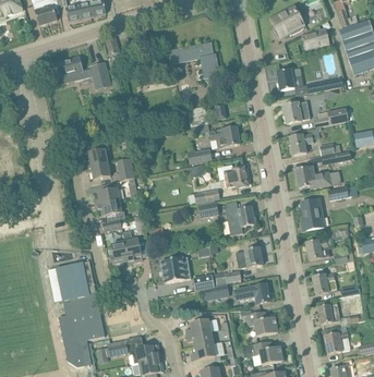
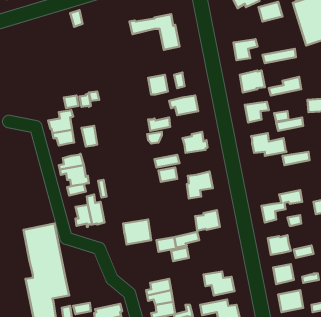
building: [49,57,110,88] -> none
building: [301,198,324,229] -> none
building: [234,283,272,303] -> none

